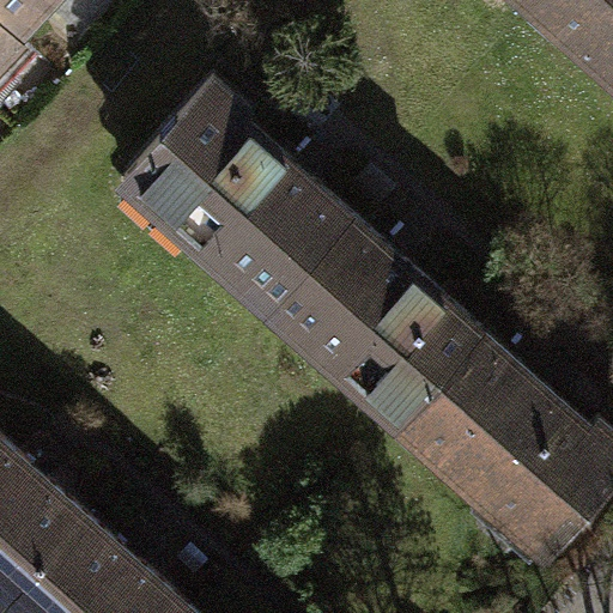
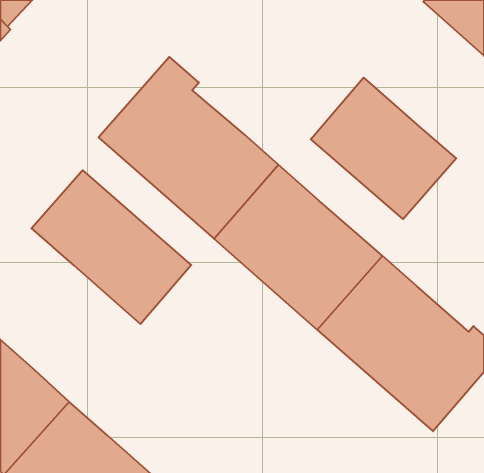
building: none -> [311,78,456,219]
building: none -> [31,170,191,324]

